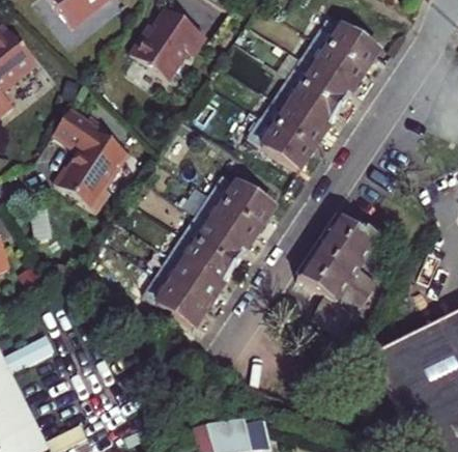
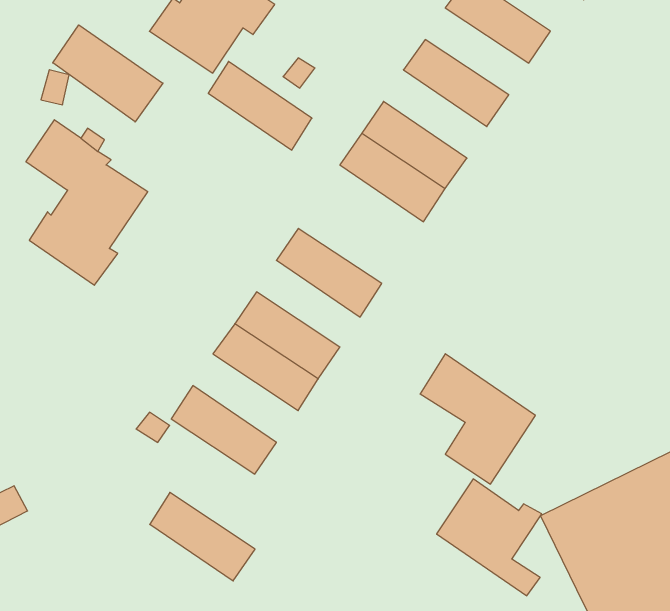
building: [300,38,365,92] -> none
building: none -> [53,25,163,122]
building: [275,77,339,132] -> [208,61,312,150]
building: [196,195,260,249] -> none
building: [313,219,378,291] -> [437,479,542,596]
building: [156,253,222,308] -> [150,492,255,581]

